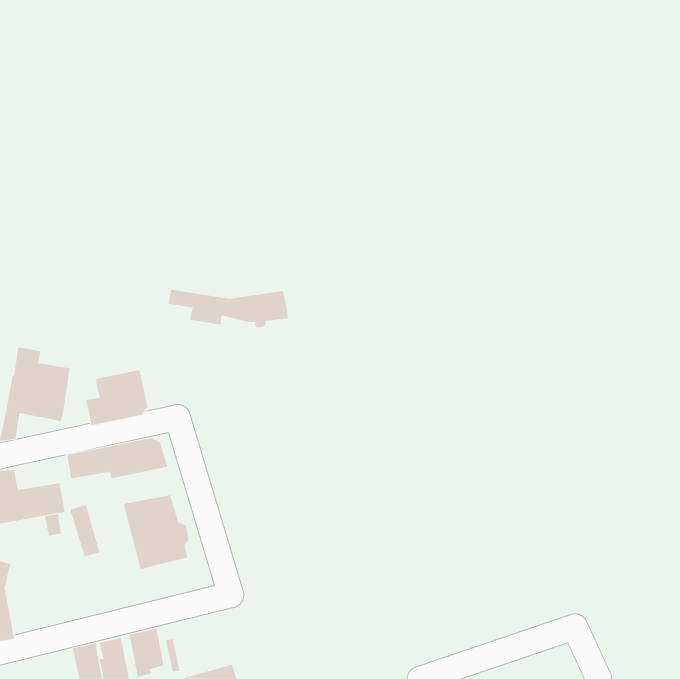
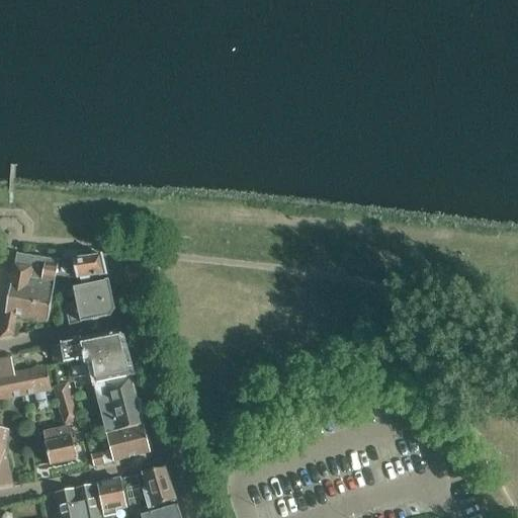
building: [168,289,289,328] -> [13,252,105,281]
building: none -> [71,354,133,381]
building: none -> [90,423,150,464]
building: none -> [42,426,76,463]
building: none -> [143,467,174,507]

